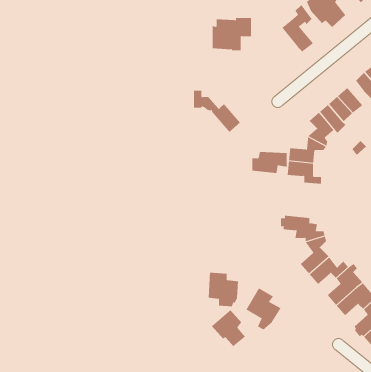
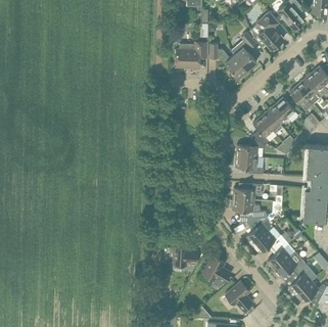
building: [193,90,241,133] -> [209,44,247,78]
building: [251,151,288,173] -> [233,183,262,200]
building: [211,309,246,347] -> [225,281,252,311]

